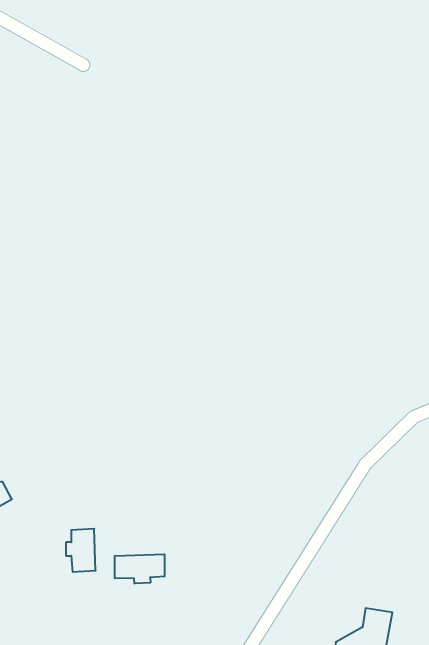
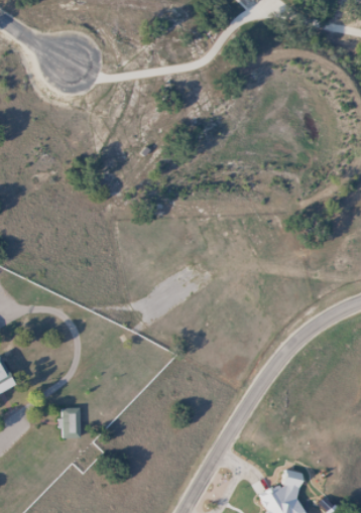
building: [115,554,164,584] -> none

